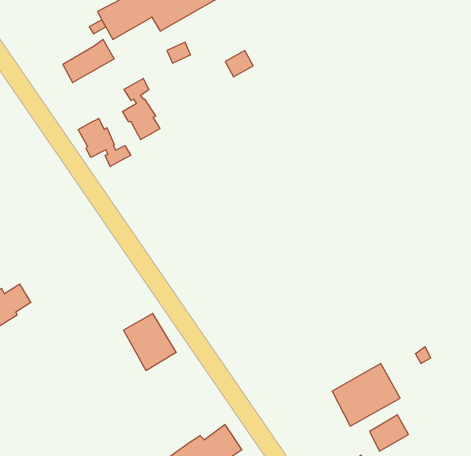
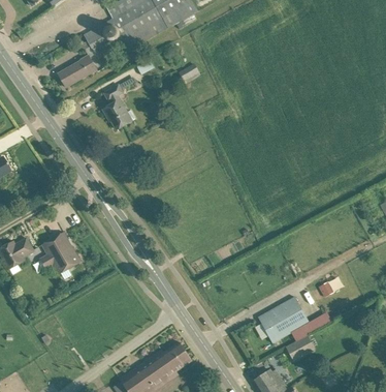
building: [78,118,131,167] -> none
building: [124,313,176,370] -> [41,232,81,274]

